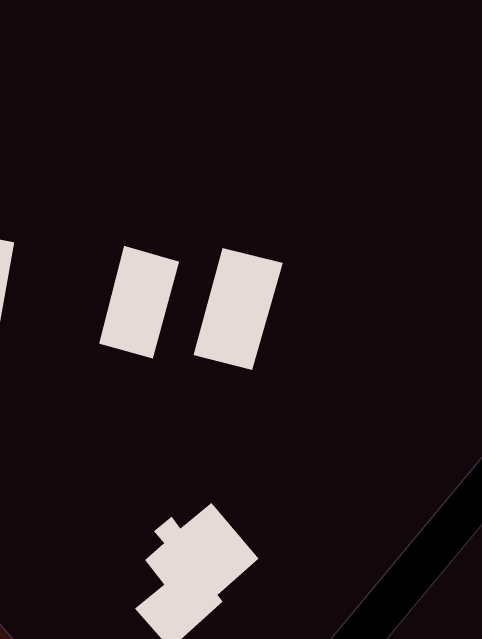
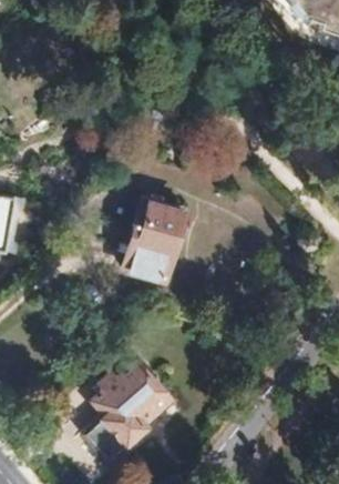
building: [98,245,180,360] -> none

